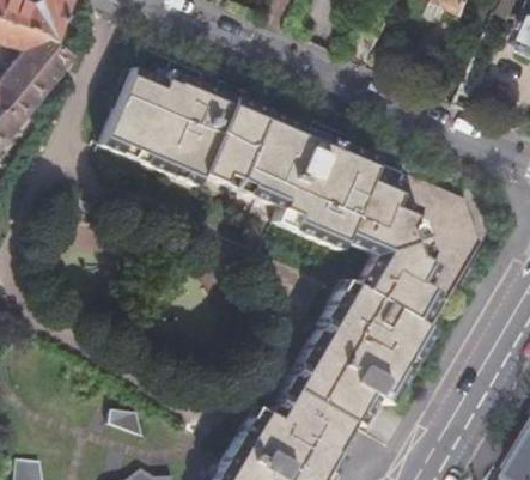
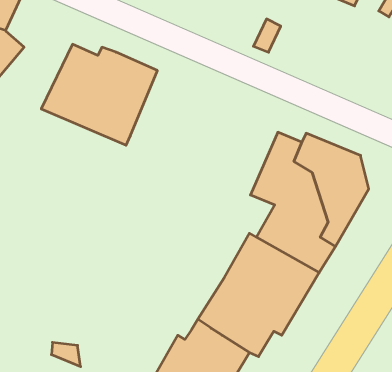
building: [197,90,377,243] -> none

